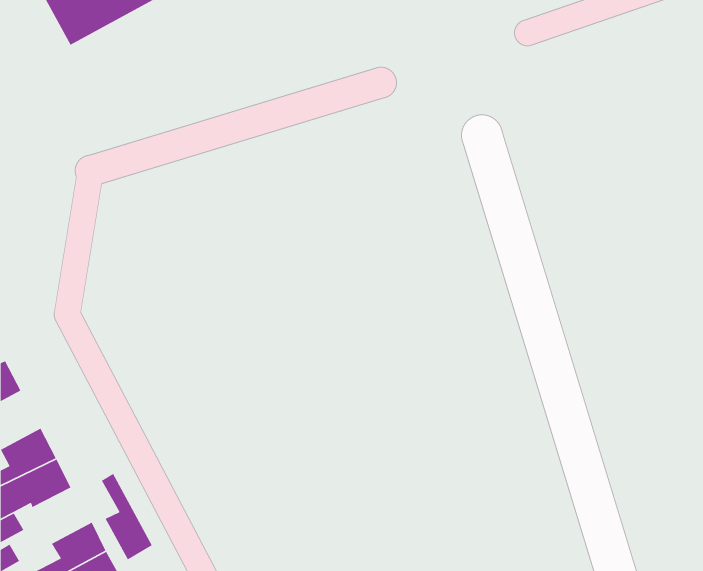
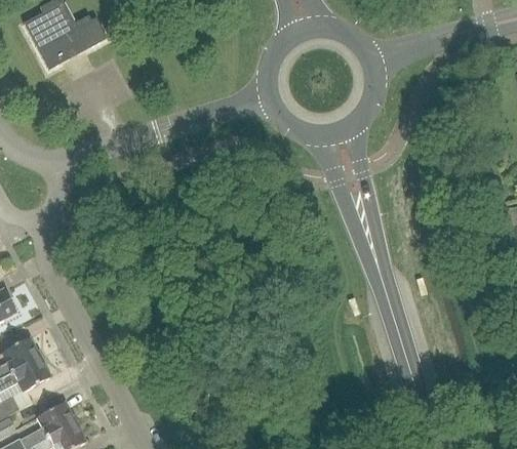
building: [101,473,153,561] -> none

